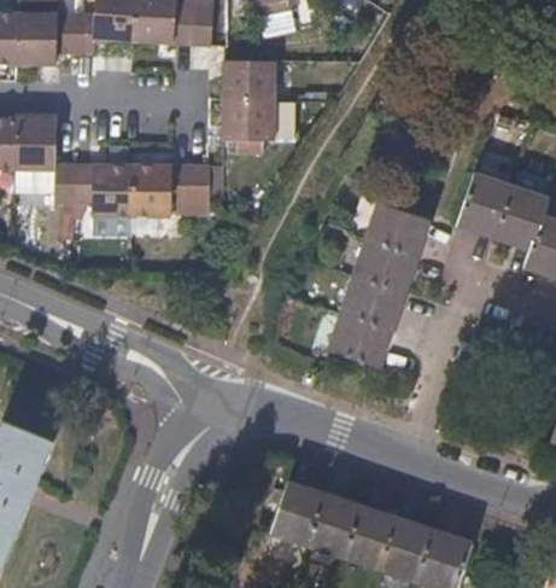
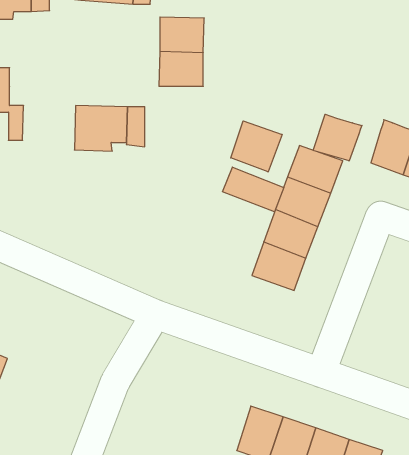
building: [70,159,129,209] -> none
building: none -> [313,114,362,161]
building: none -> [231,121,282,172]
building: none -> [223,167,284,212]
building: [276,484,324,545] -> none

